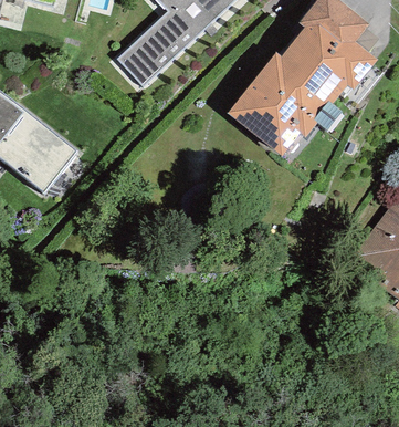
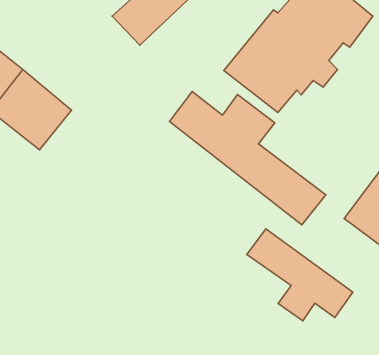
building: none -> [169,91,326,225]
building: none -> [247,229,353,321]

